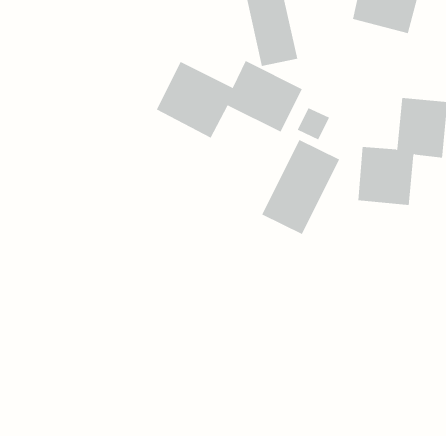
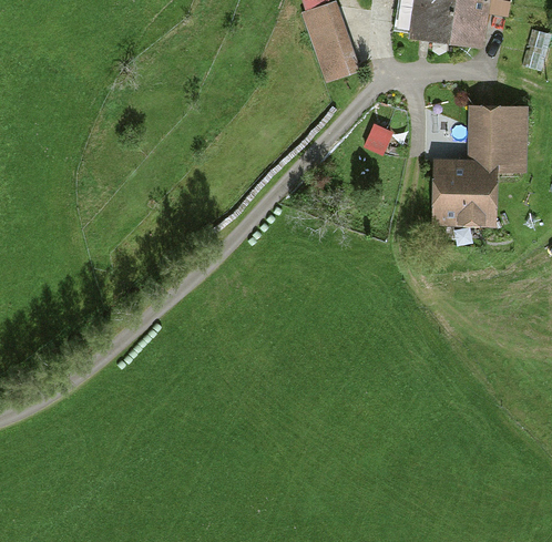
building: [156,60,303,139] -> none
building: [261,139,340,235] -> none

